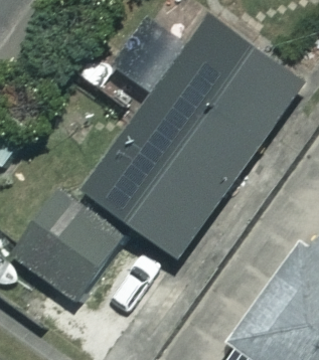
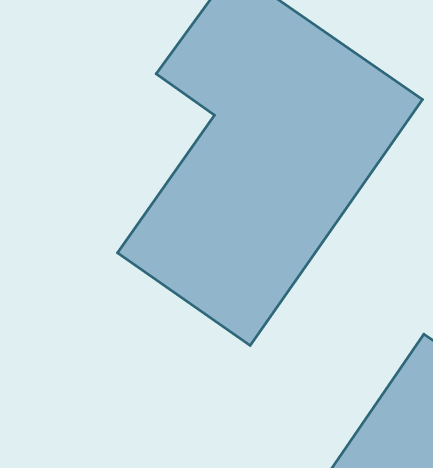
building: [17,190,125,298] -> none

